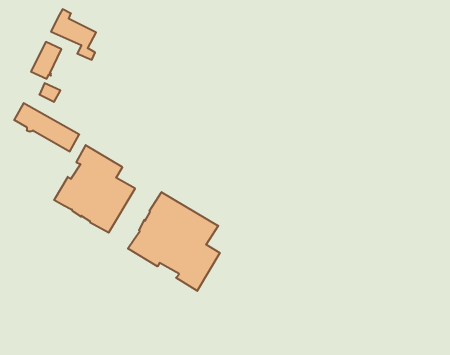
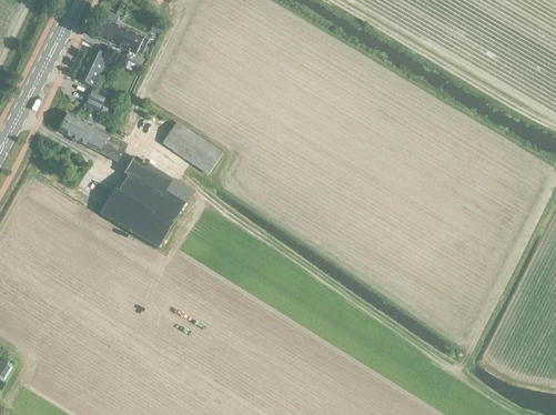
building: none -> [160,120,222,174]
building: [128,192,220,291] -> none

